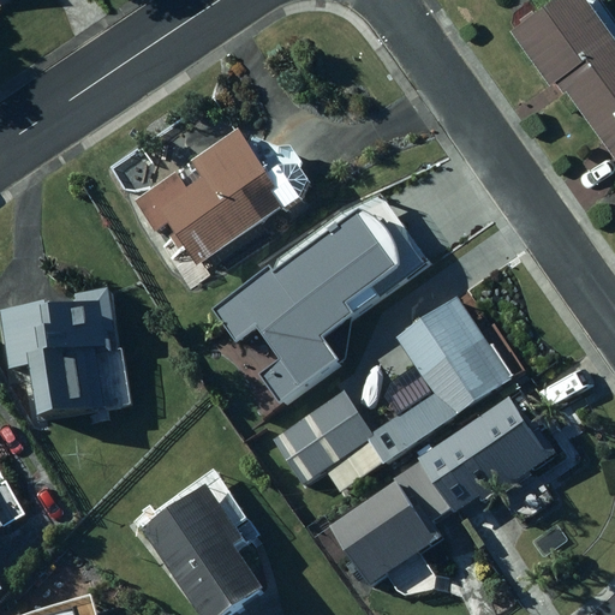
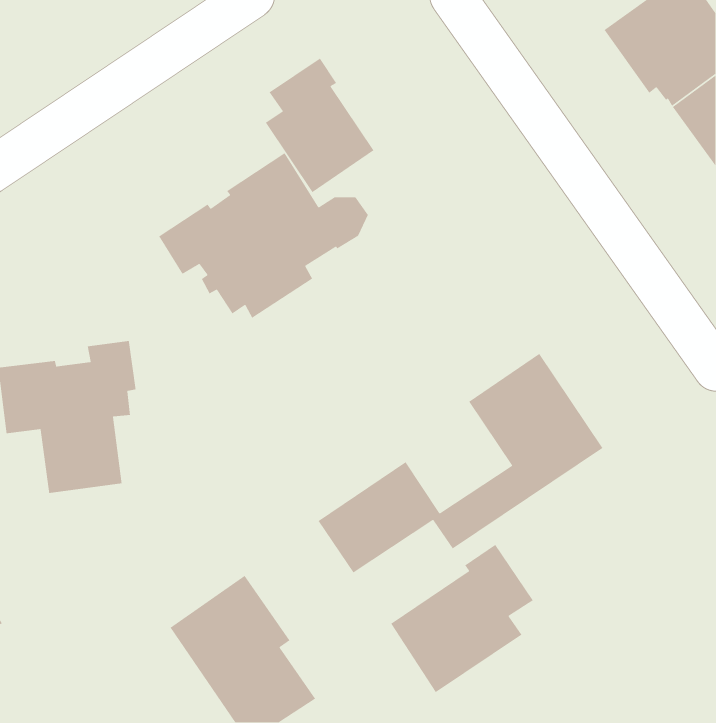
building: none -> [265,58,374,193]
building: [213,210,402,405] -> none
building: [418,390,555,507] -> none

